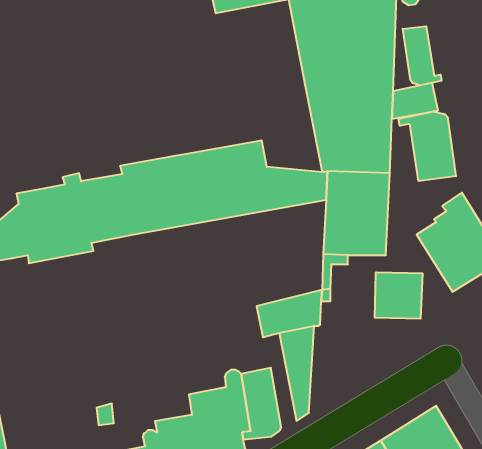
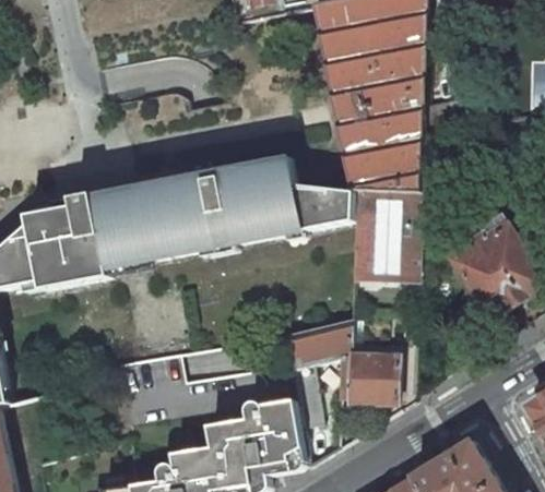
building: [403,26,442,86] -> none
building: [398,111,456,181] -> none
building: [375,273,423,319] -> [344,352,395,401]

